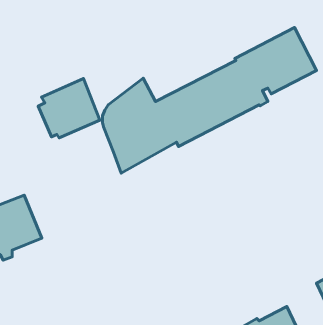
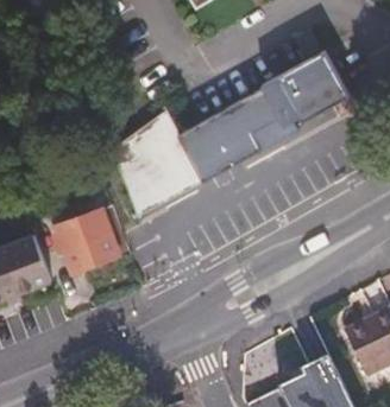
building: [38,78,100,138] -> [49,211,115,275]

